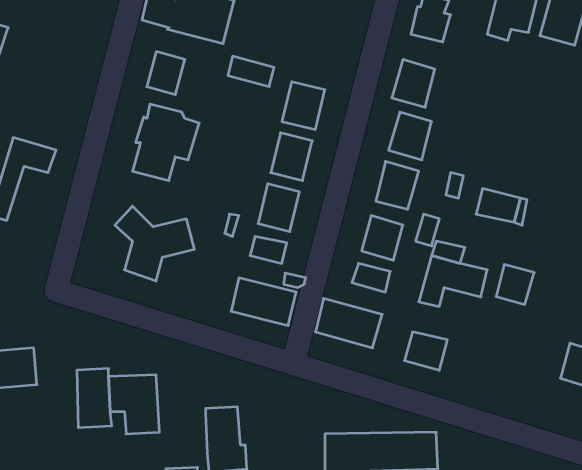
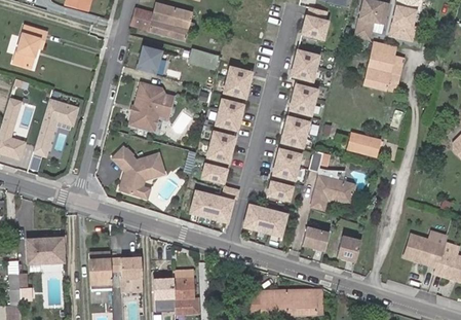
building: none -> [364,42,406,92]
building: [496,265,534,304] -> [338,235,362,260]
building: none -> [154,279,175,305]

